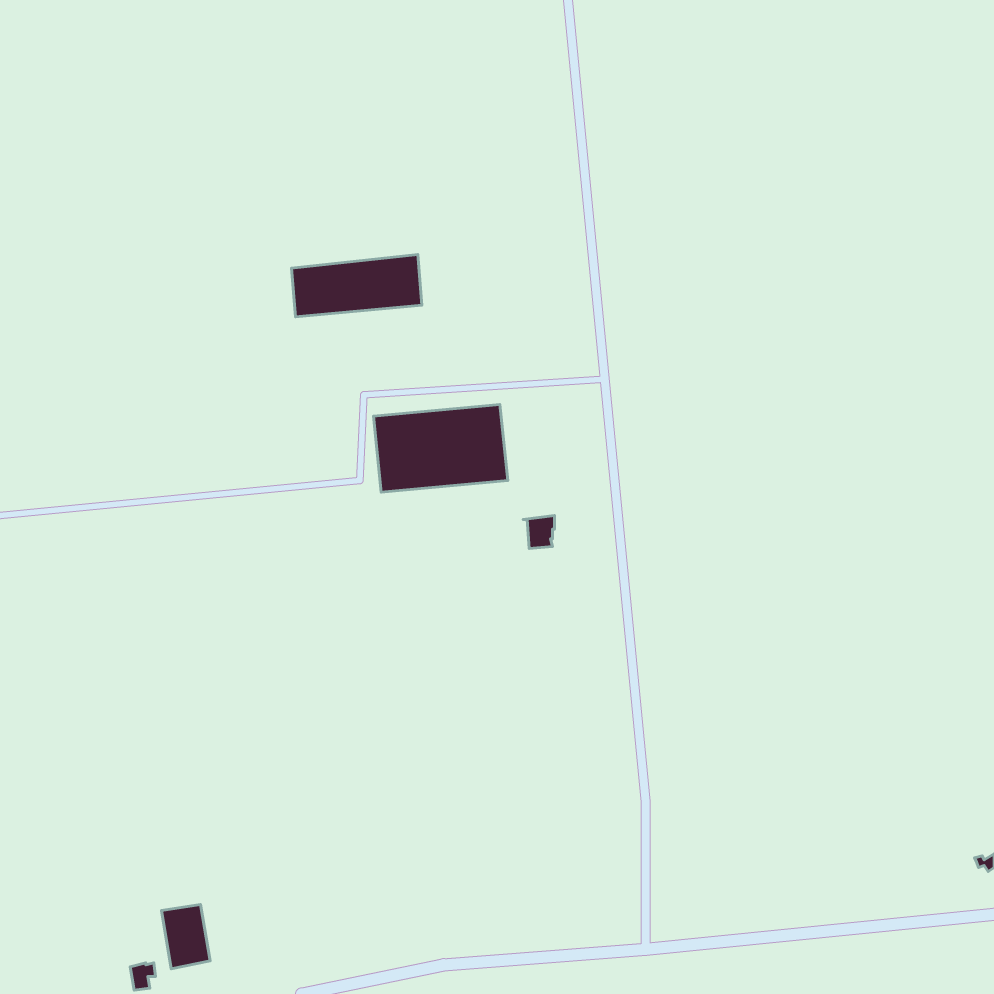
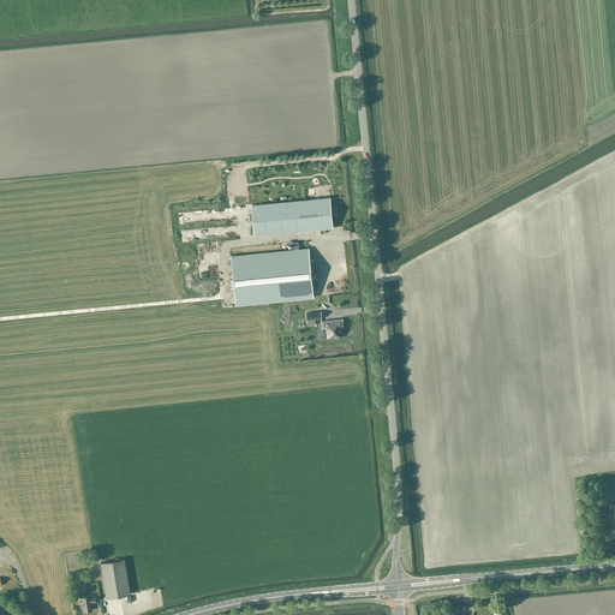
building: [292,254,422,317] -> [252,197,333,235]

